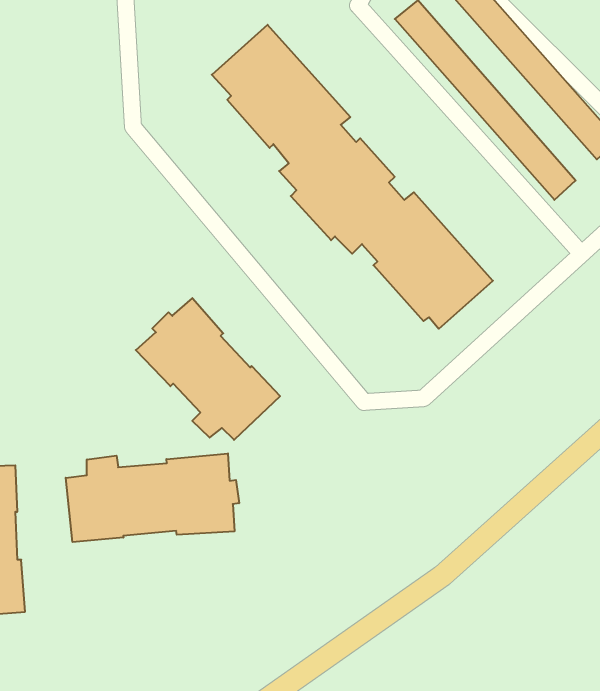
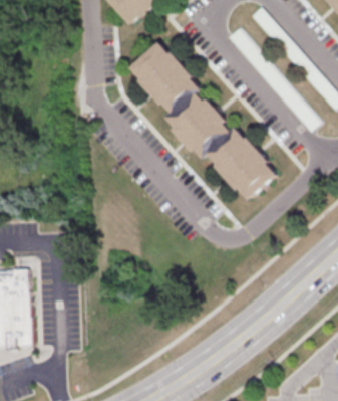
building: [136,298,280,440] -> none
building: [66,453,239,542] -> none

